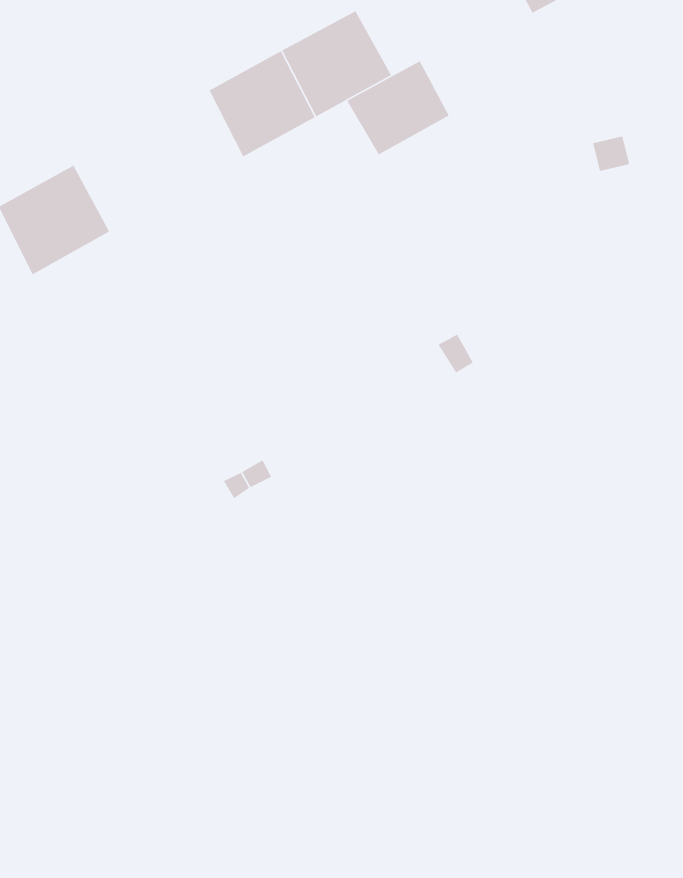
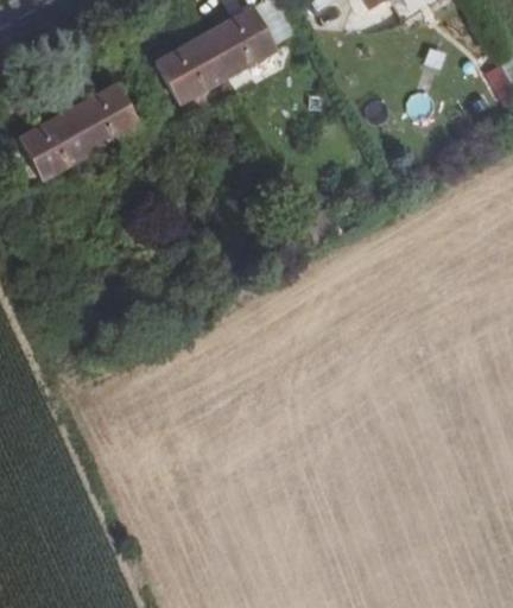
building: [346,60,450,156] -> none
building: none -> [69,81,140,152]

